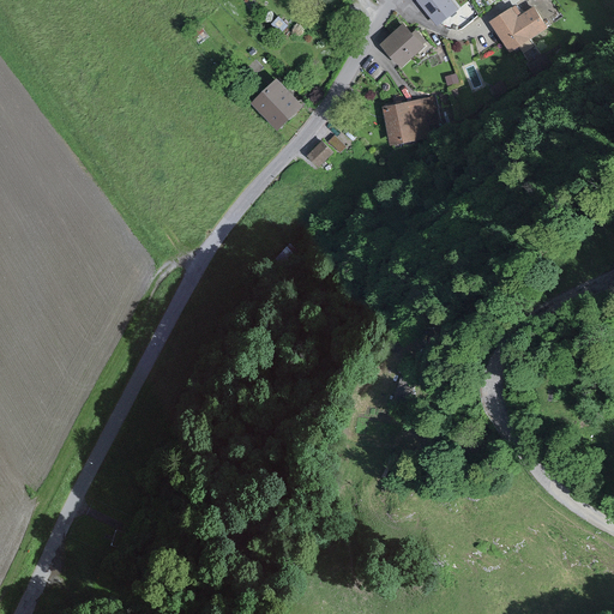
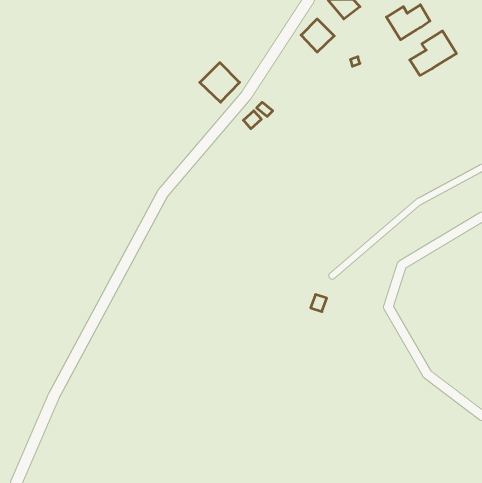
building: none -> [410,31,456,75]
building: [381,96,437,142] -> none

